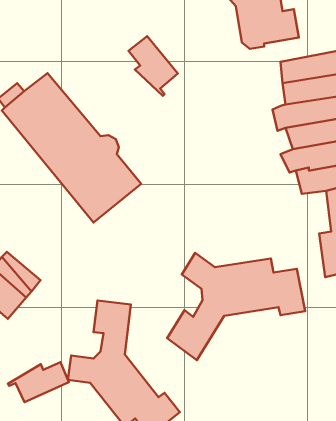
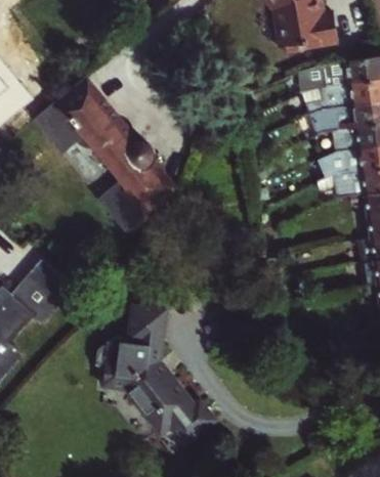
building: [129,36,178,96] -> none
building: [167,253,305,360] -> none
building: [8,362,69,402] -> none

